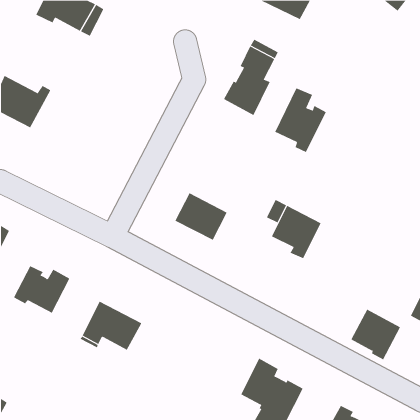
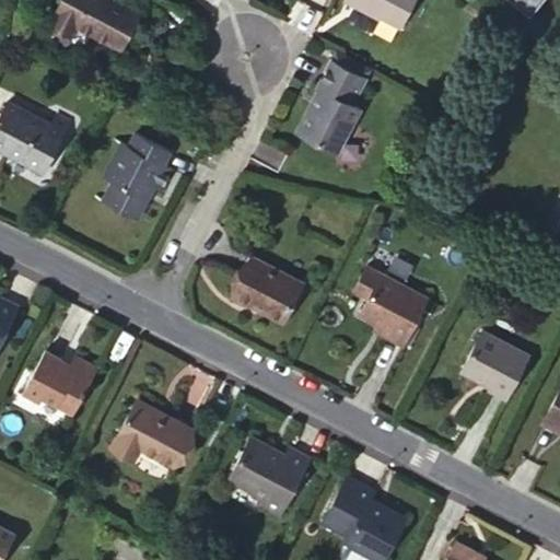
building: [275,88,326,153] -> none
building: none -> [103,136,174,222]
building: [350,309,401,360] -> [464,330,530,398]
building: none -> [230,436,308,521]

